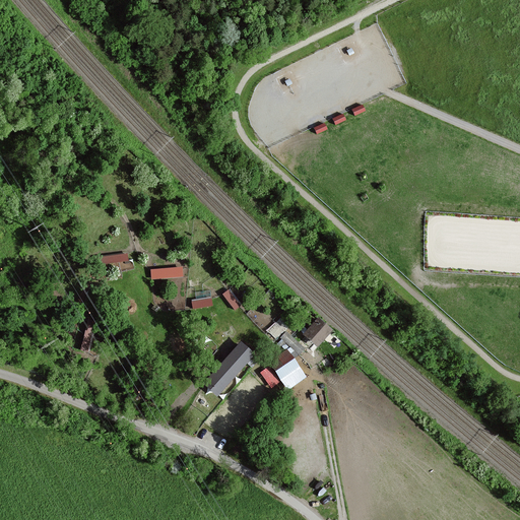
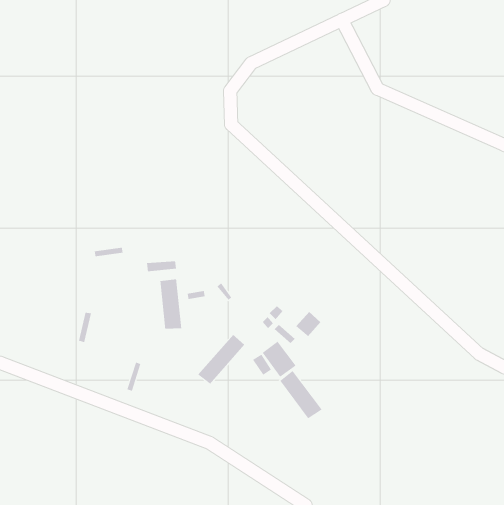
building: none -> [160,278,182,329]
building: none -> [279,370,322,419]

